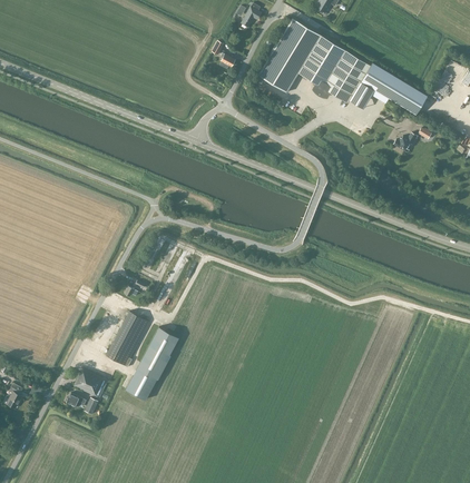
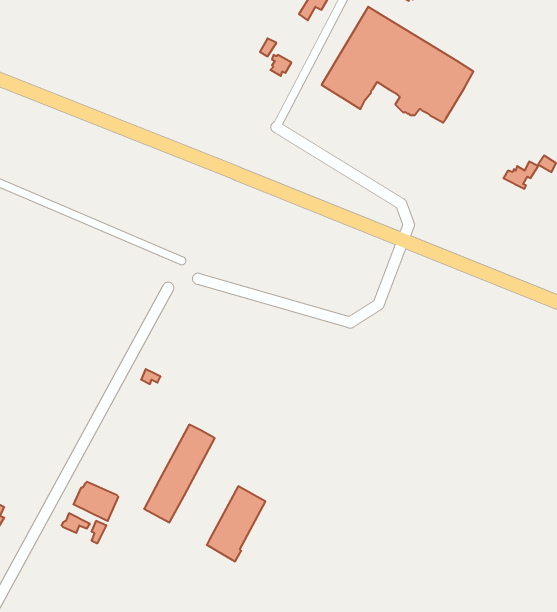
building: [361,62,427,115] -> none
building: [106,312,149,367] -> [207,486,265,561]

